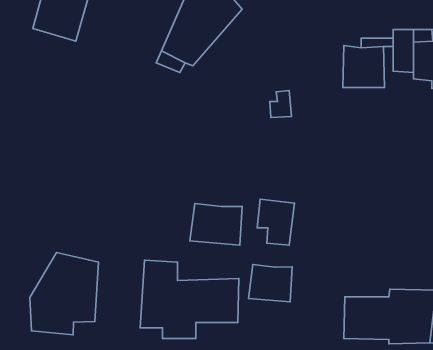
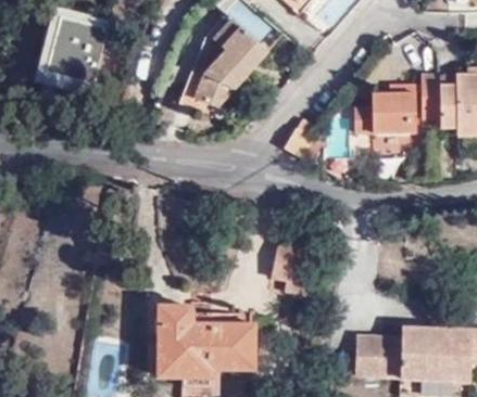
building: [190,203,242,245] -> none
building: [30,253,98,335] -> none
building: [248,264,292,302] -> none

